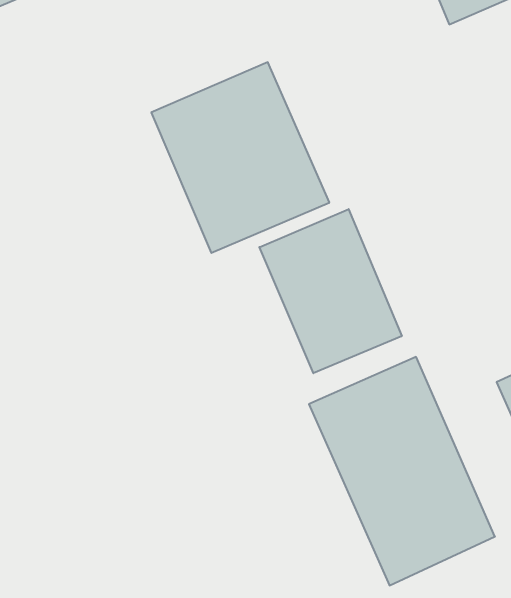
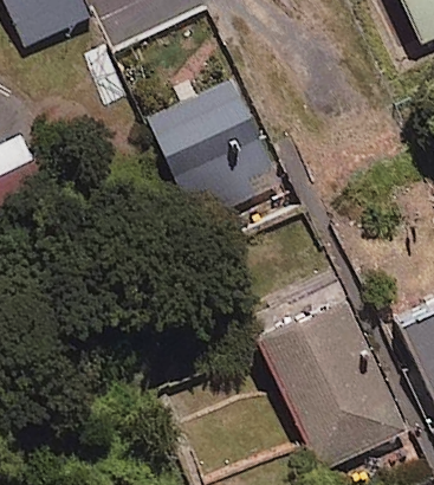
building: [259,209,402,373] -> none

